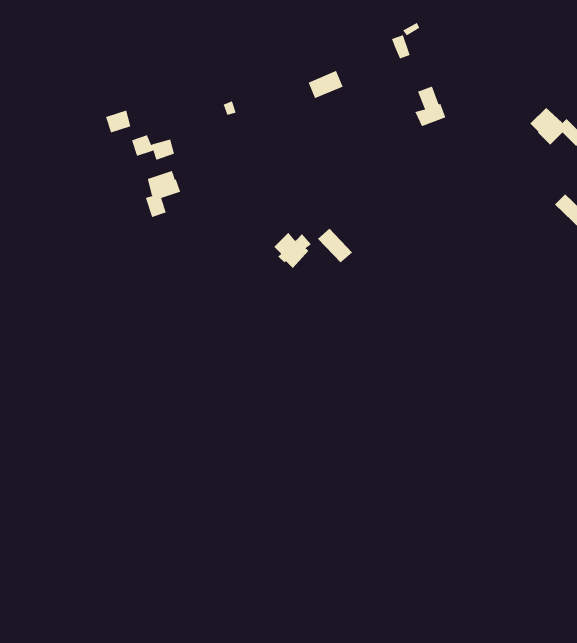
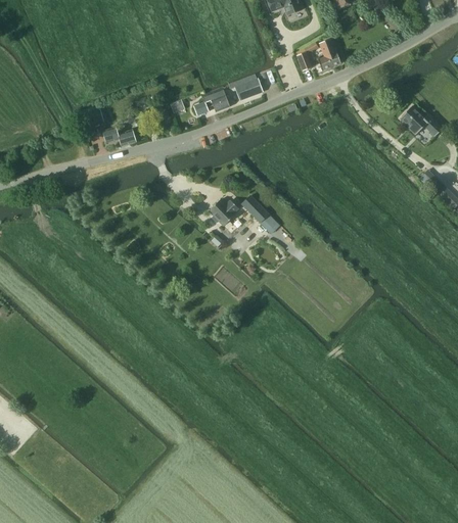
building: [415,86,446,127] -> [318,39,341,69]
building: none -> [193,90,231,114]
building: [145,170,181,218] -> none

